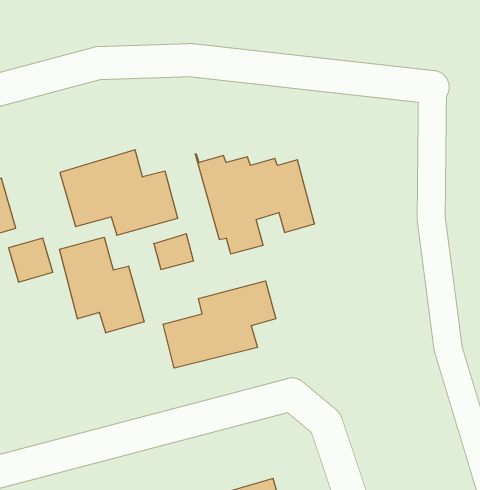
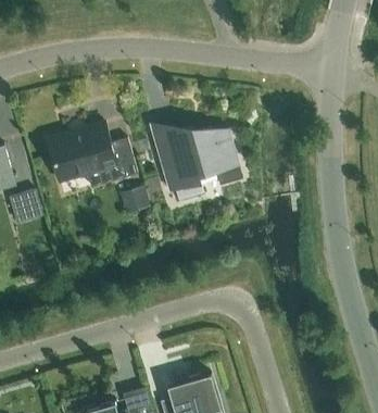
building: [60,237,144,333] -> none
building: [163,281,276,368] -> none

